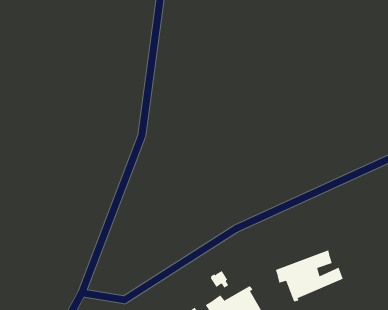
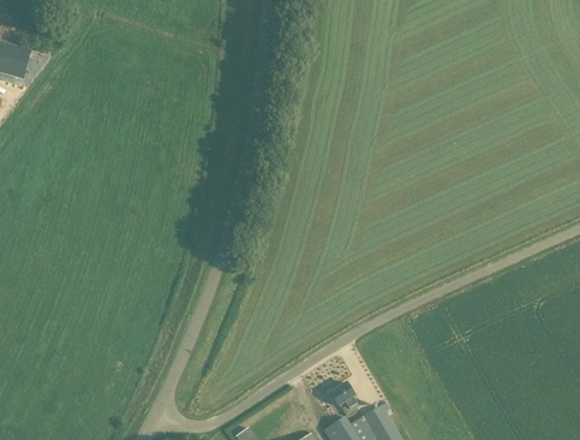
building: [275,249,343,303] -> none

